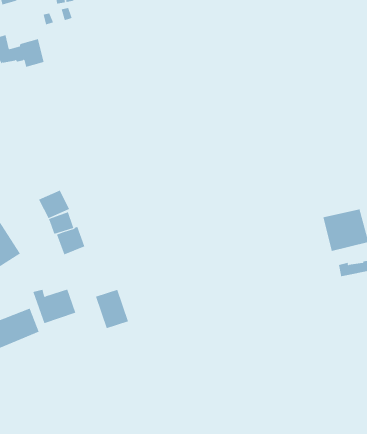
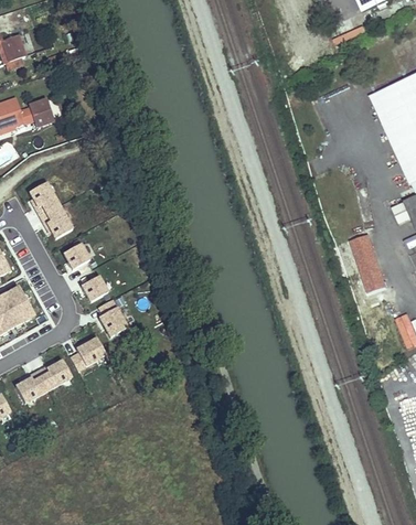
building: none -> [25,180,74,240]
building: [95,289,129,329] -> [94,299,128,338]

